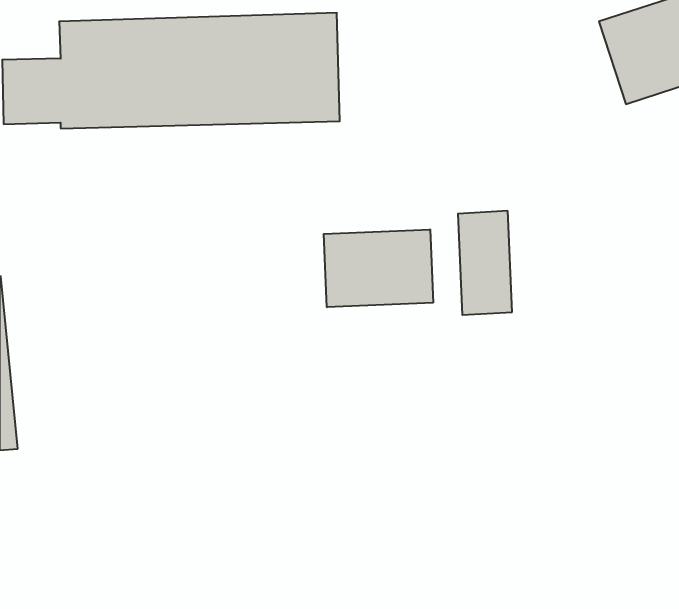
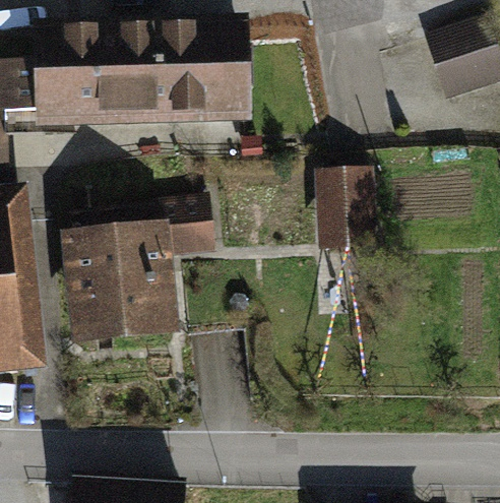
building: [324,229,433,307] -> none
building: none -> [71,210,210,347]

